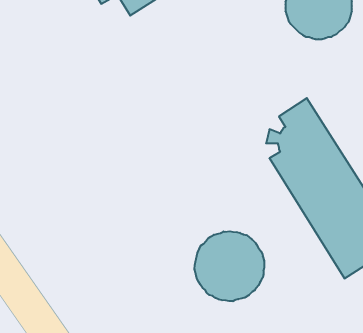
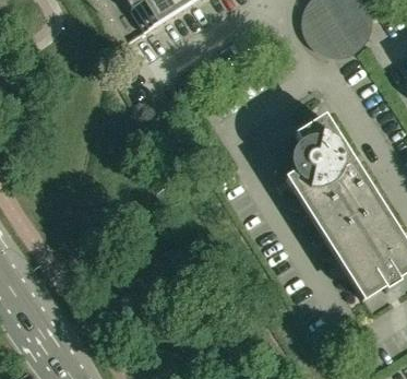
building: [195,231,264,301] -> none

